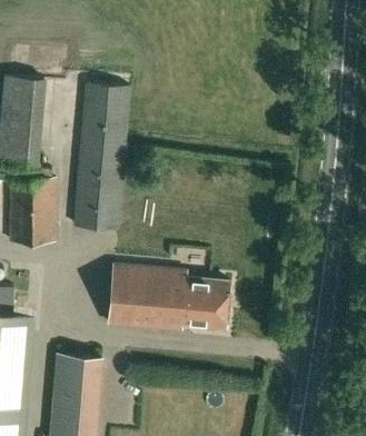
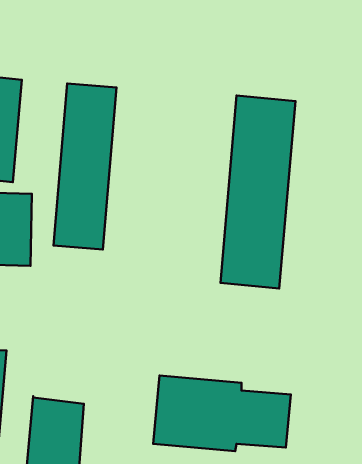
building: none -> [221,96,295,288]
building: [108,264,229,330] -> [153,375,291,451]

